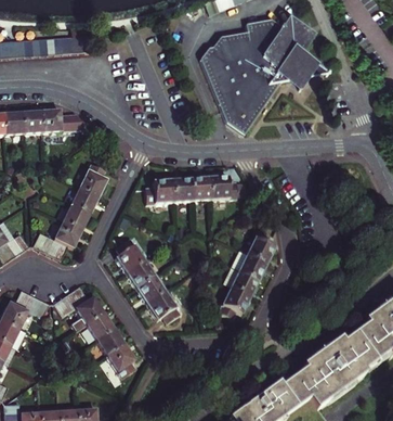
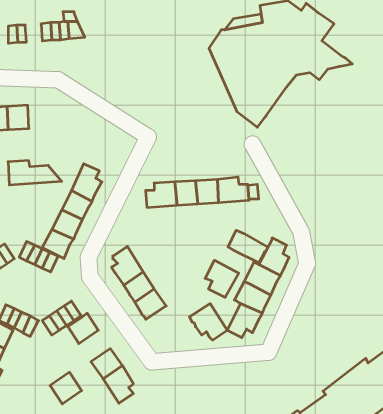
building: [40,110,88,131] -> [8,161,62,185]
building: none -> [228,230,268,263]
building: none -> [205,260,239,297]
building: [145,290,179,322] -> [189,304,227,340]
building: [86,311,114,340] -> [50,372,82,404]

